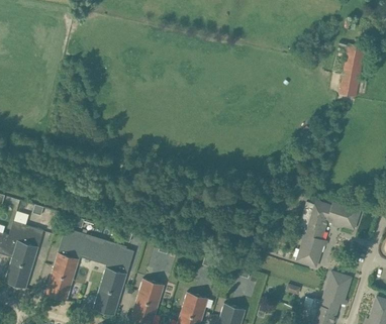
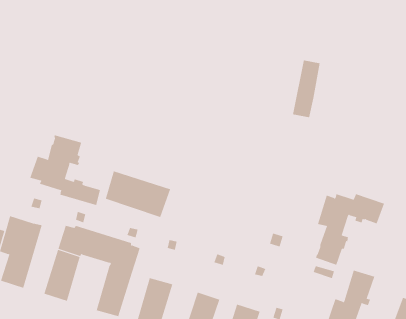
building: [339,43,365,97] -> [292,60,321,118]
building: none -> [29,134,100,206]
building: none -> [105,170,171,218]

